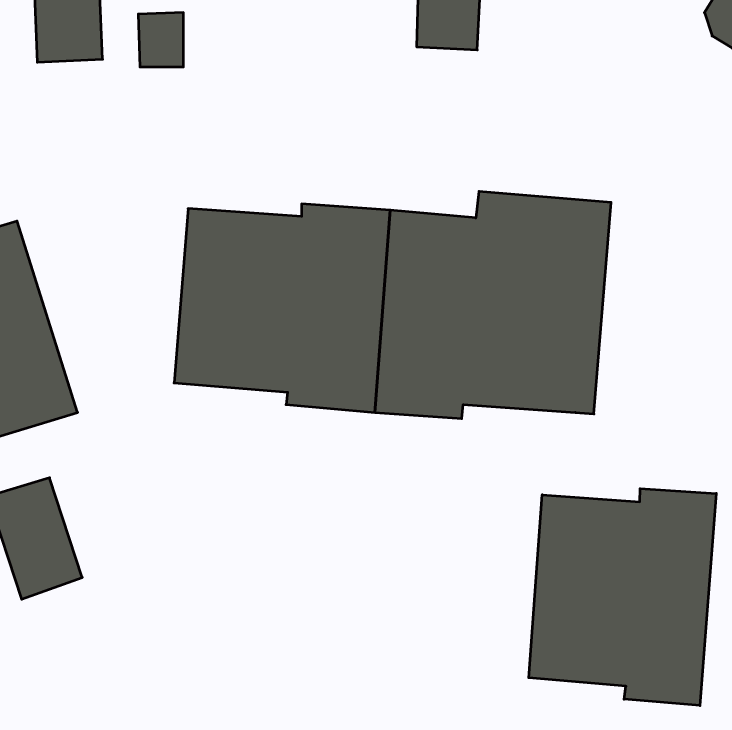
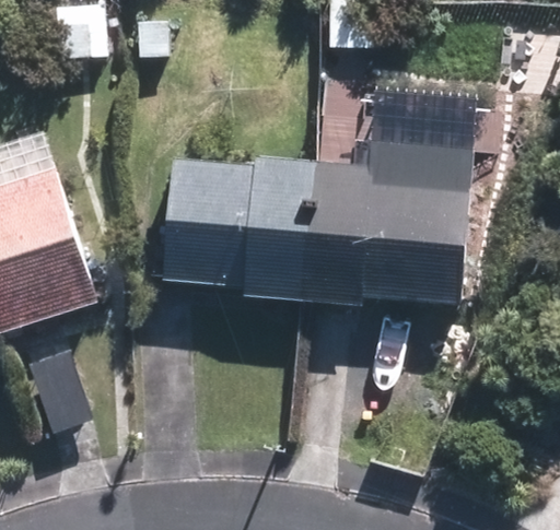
building: [529,489,716,706] -> none

